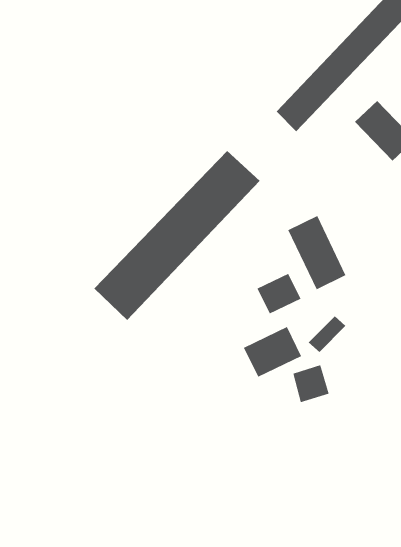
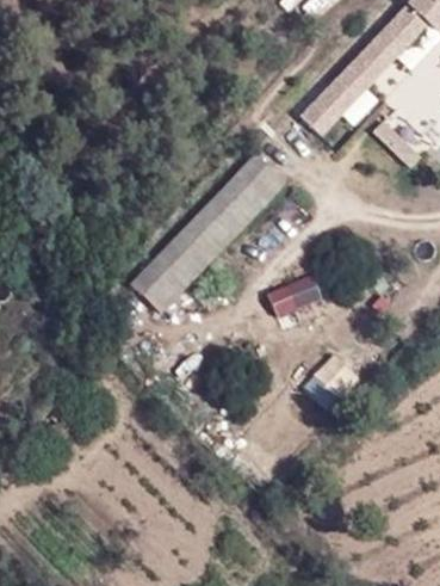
building: [287,215,346,290] -> none
building: [243,326,302,378] -> none

